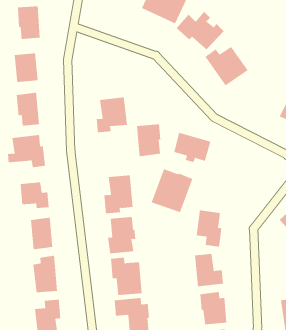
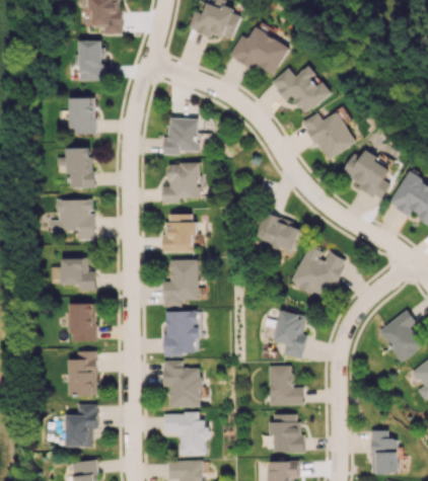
building: none -> [163,117,199,155]
building: none -> [341,151,390,198]
building: [136,124,161,157] -> [165,214,195,252]
building: [151,168,193,213] -> [290,243,345,300]

